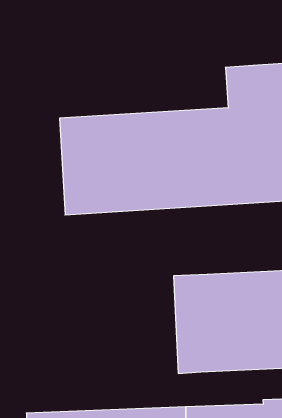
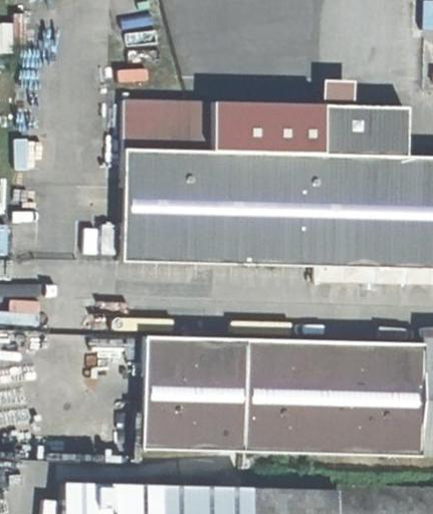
building: none -> [127,100,323,149]
building: none -> [145,338,247,453]

